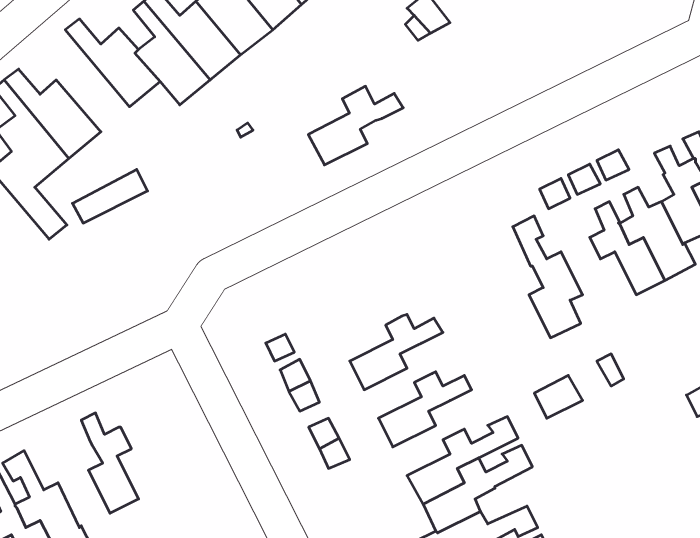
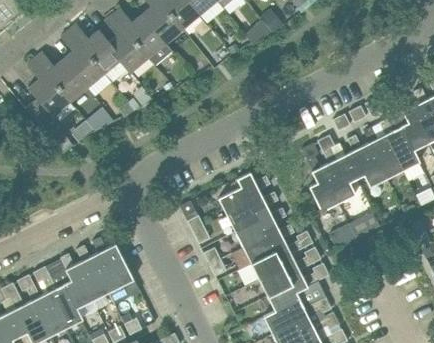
building: none -> [62,30,104,87]
building: [308,86,403,165] -> [218,171,271,215]
building: none -> [345,134,387,186]
building: none -> [301,142,339,211]
building: none -> [235,205,287,247]
building: none -> [251,230,313,279]
building: none -> [93,236,126,292]
building: none -> [60,252,93,308]

